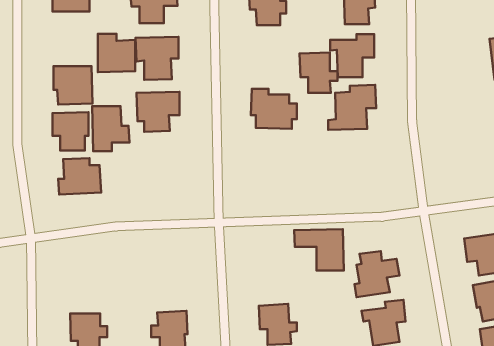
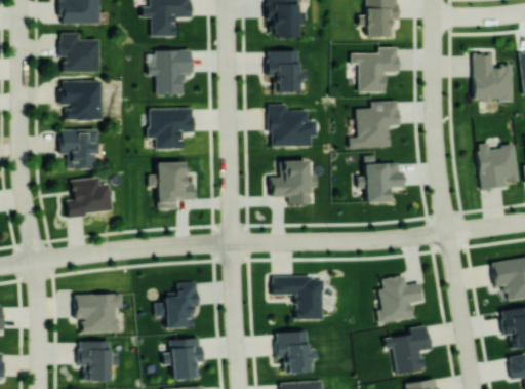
building: [98,34,135,72] -> [60,33,99,73]
building: none -> [474,54,512,101]
building: [299,53,338,93] -> [268,50,308,92]
building: [92,106,129,151] -> [157,162,196,209]
building: none -> [477,143,518,190]
building: none -> [365,156,403,203]
building: none -> [271,160,318,205]
building: [294,229,344,270] -> [272,277,324,320]
building: none -> [156,283,199,328]
building: none -> [76,294,122,333]

